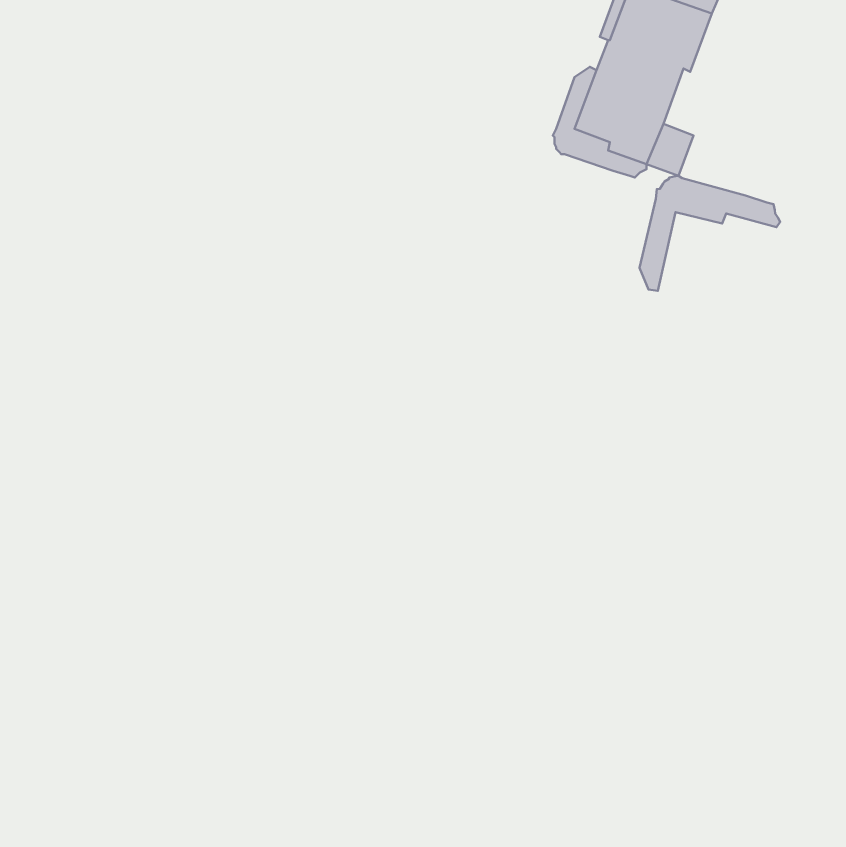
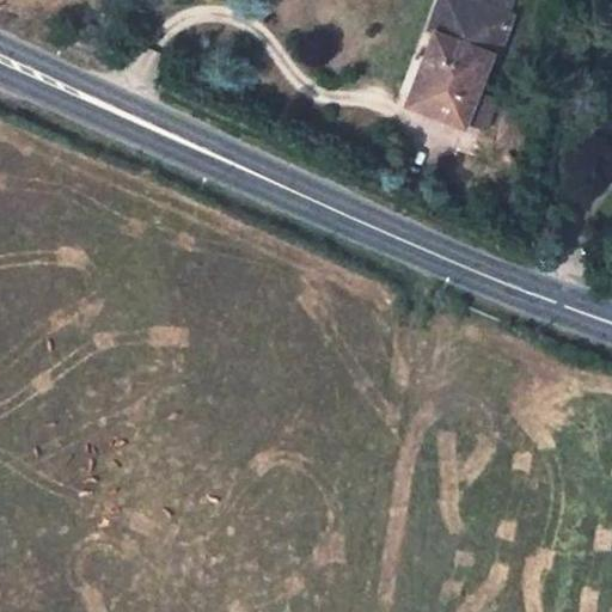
building: [639,176,780,291] -> none

